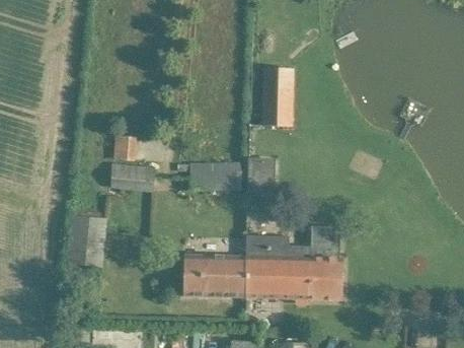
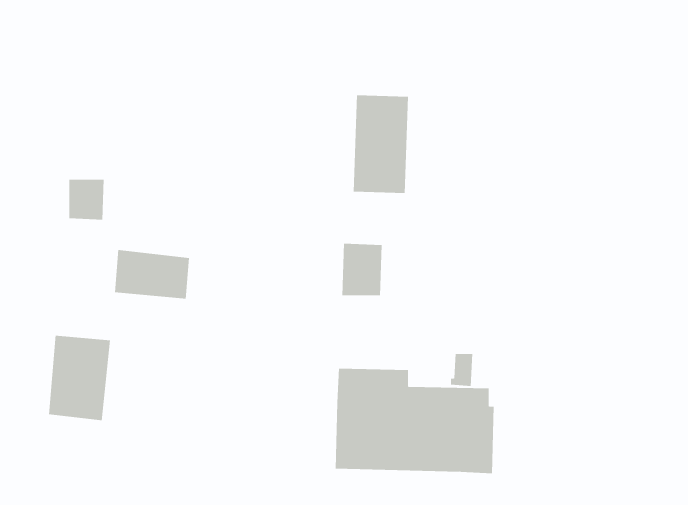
building: [111,134,134,159] -> [68,179,105,220]
building: [190,161,242,190] -> none
building: [184,255,246,296] -> none

